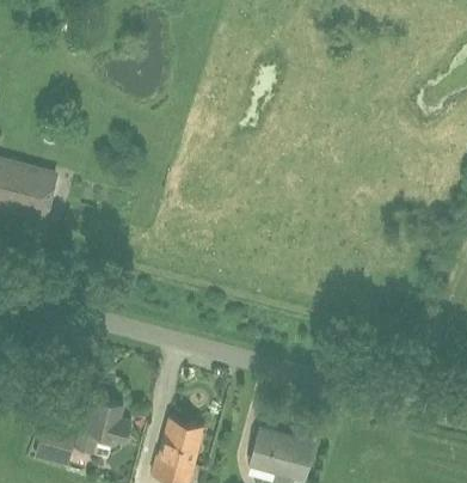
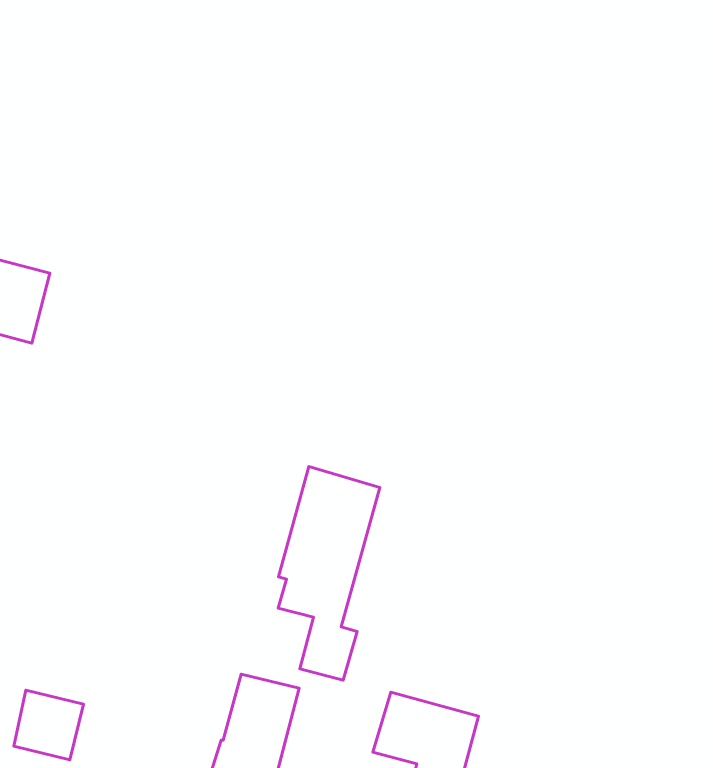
building: none -> [278,467,380,680]
building: [78,396,133,452] -> none

